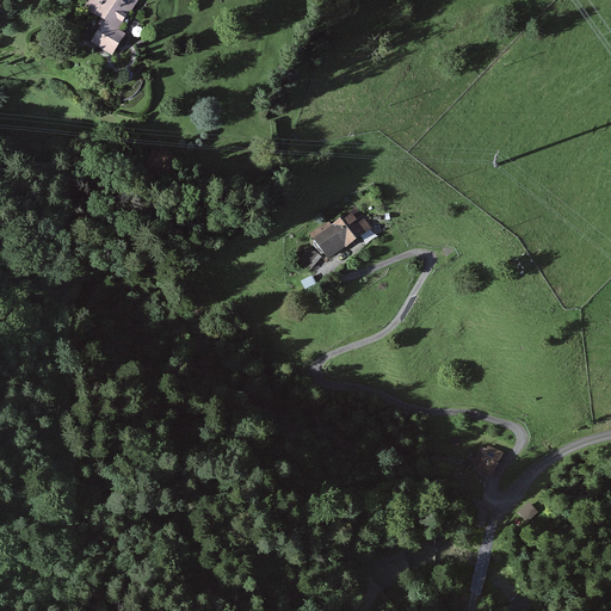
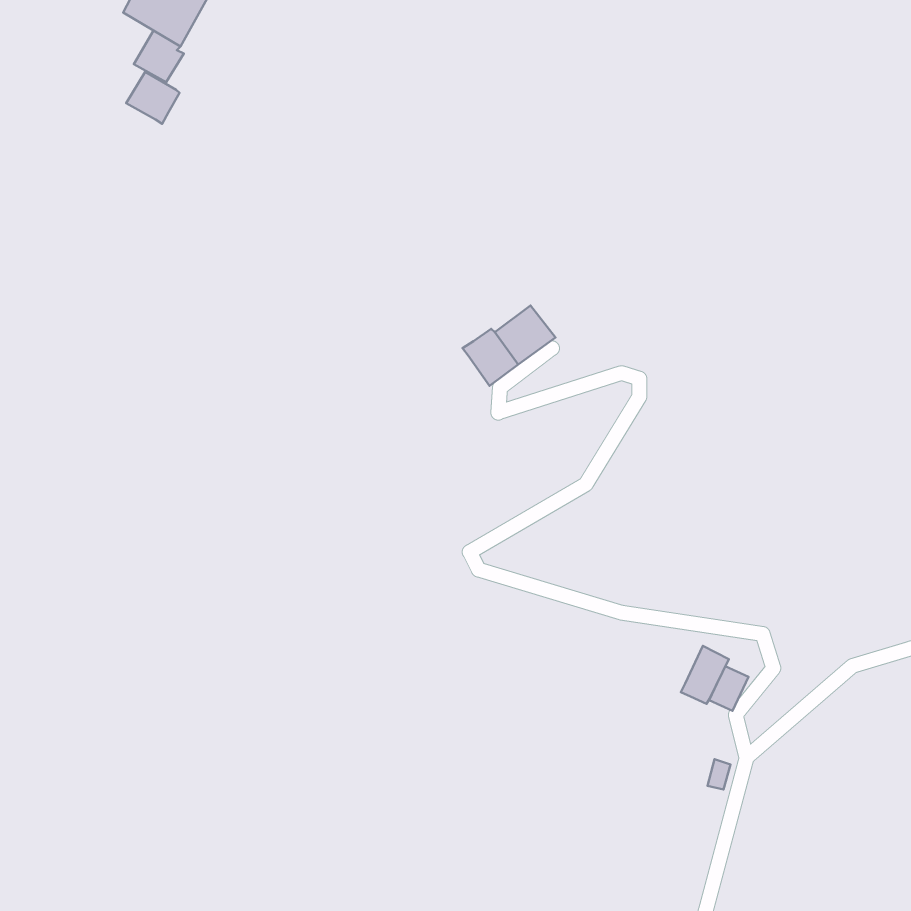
building: none -> [126,72,180,124]
building: none -> [681,646,729,704]

